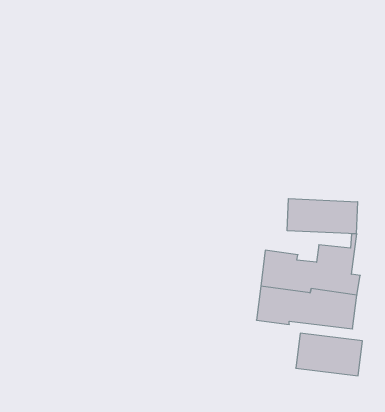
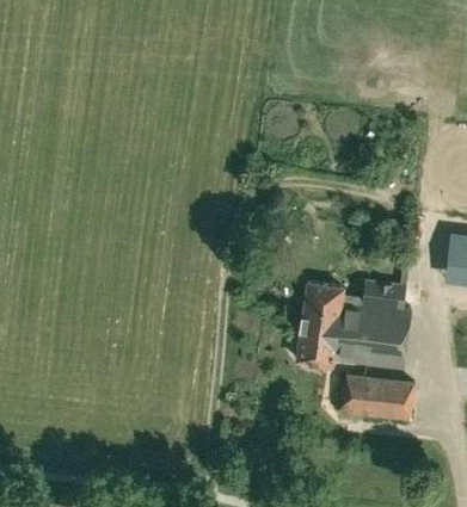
building: [287,199,358,234] -> none

